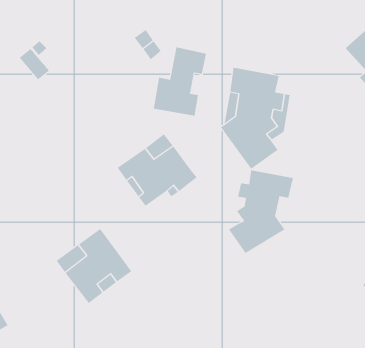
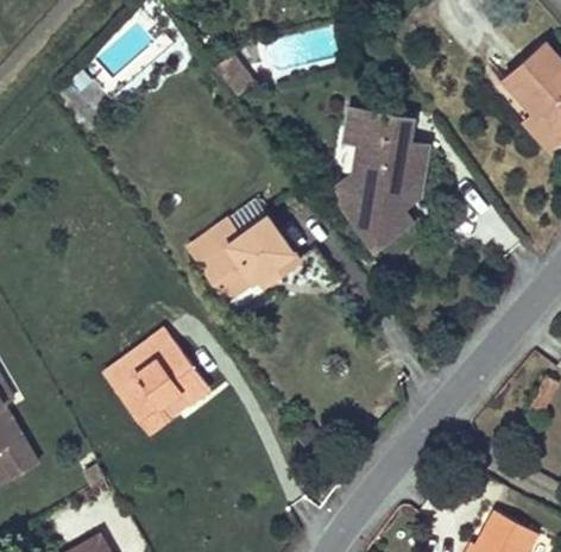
building: [153,47,206,117] -> none
building: [228,170,293,254] -> none

